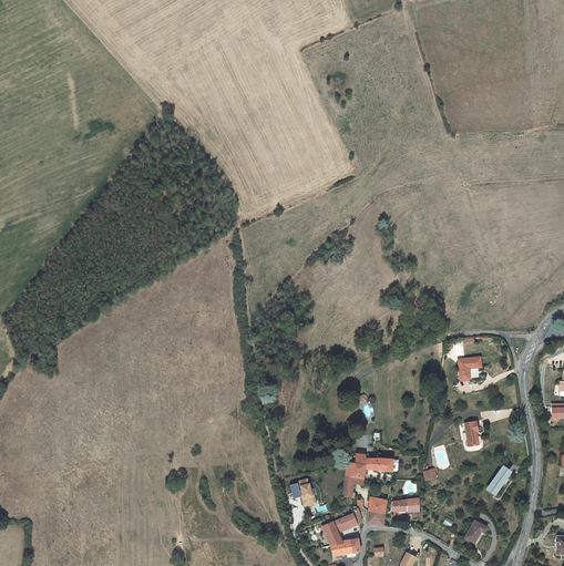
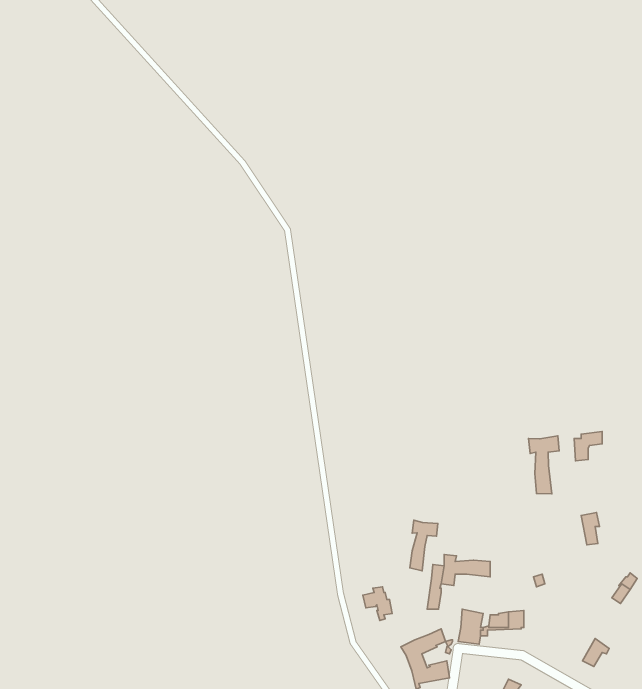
building: none -> [529,436,559,494]
building: none -> [410,520,438,571]

